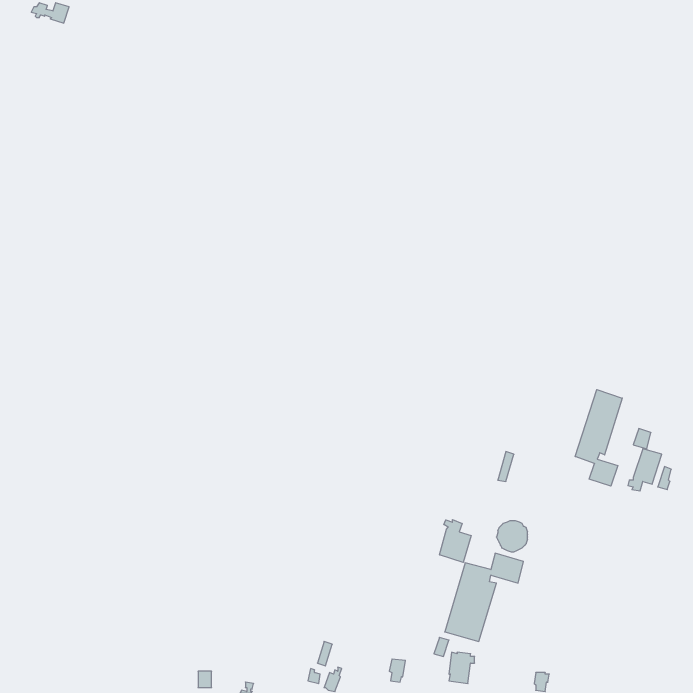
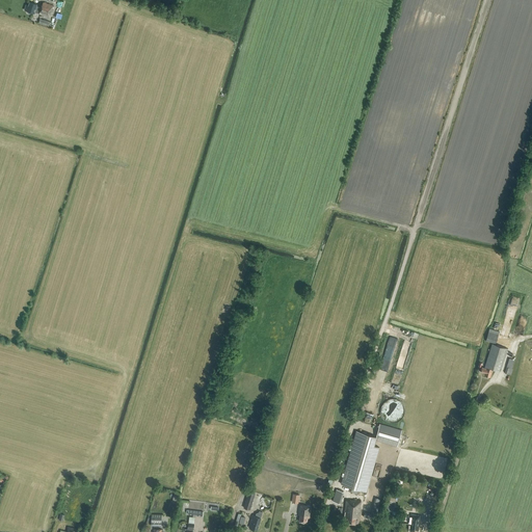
building: [575,390,622,486] -> none
building: [440,520,471,562] -> none

